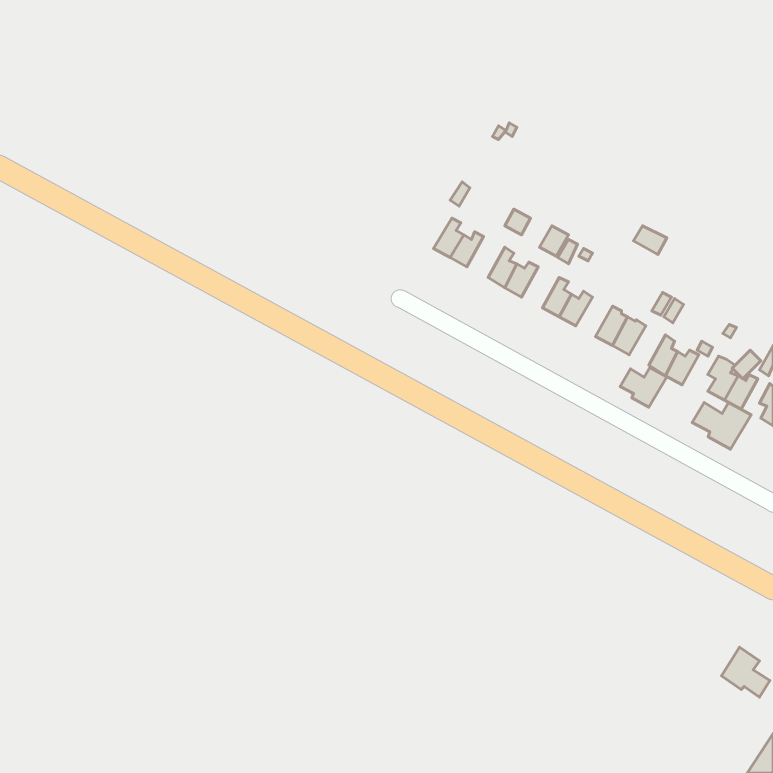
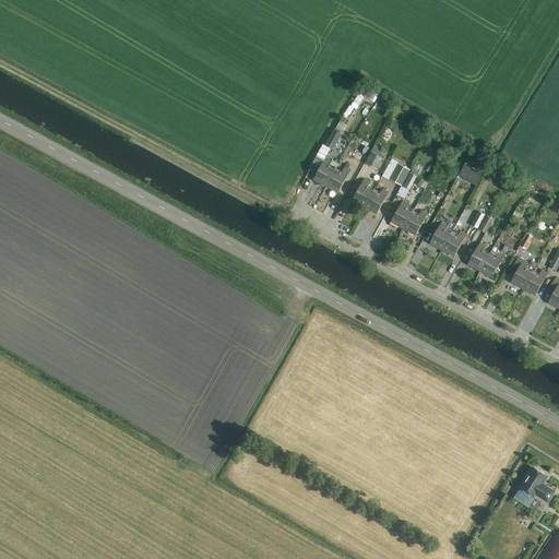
building: [620,367,667,407] -> none
building: [692,402,751,449] -> none

